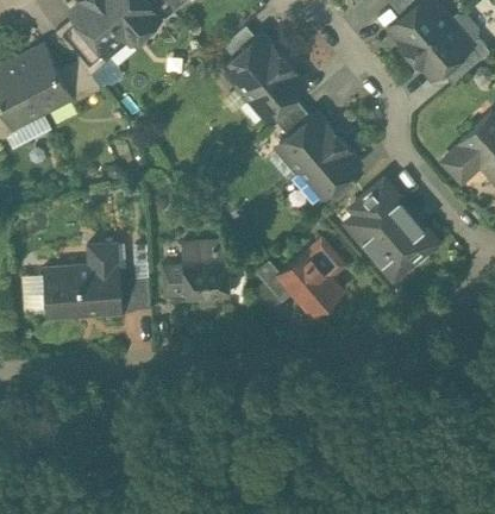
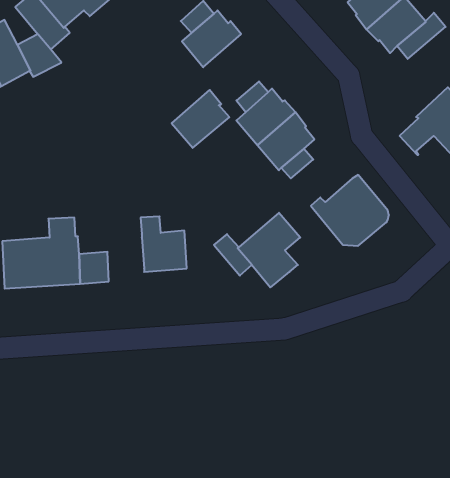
building: [245,61,303,119] -> [172,90,229,148]
building: [351,182,395,230] -> none
building: [162,265,186,297] -> none

